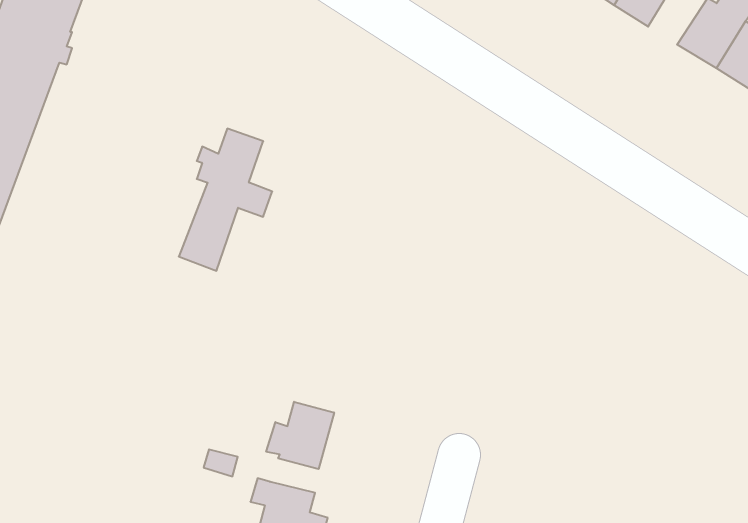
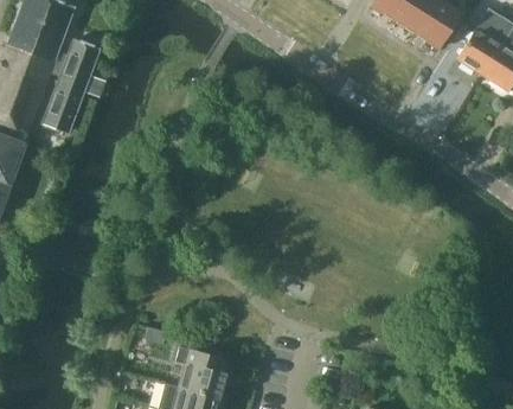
building: [179,129,272,271] -> [43,40,104,134]
building: [266,402,334,469] -> none

